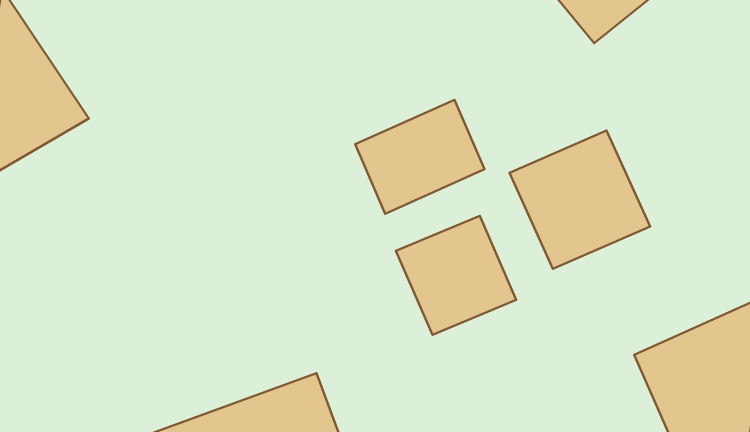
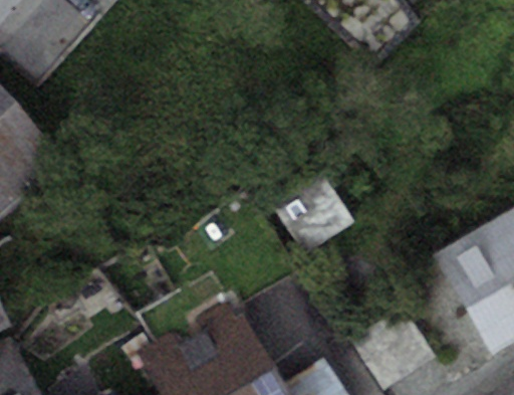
building: [355,100,485,214] -> none
building: [509,130,650,269] -> none

